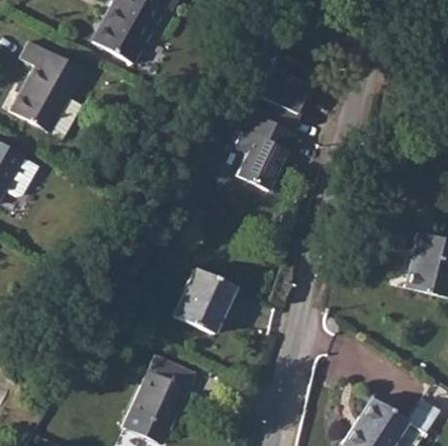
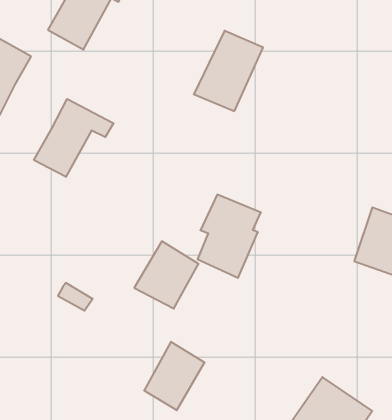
building: [229,110,293,195] -> [197,195,261,278]
building: none -> [34,99,113,177]
building: [125,361,187,431] -> [144,342,205,410]

